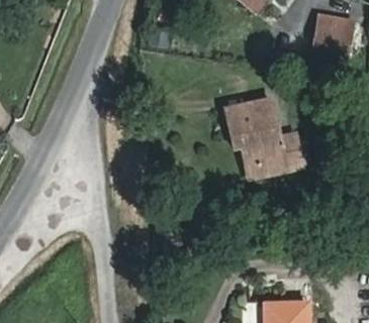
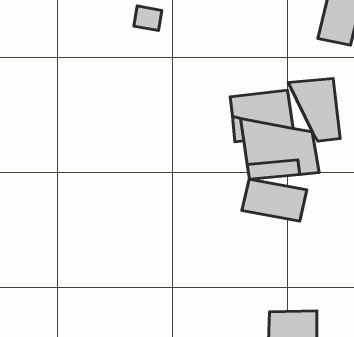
building: none -> [288,78,340,141]
building: none -> [242,179,307,221]

